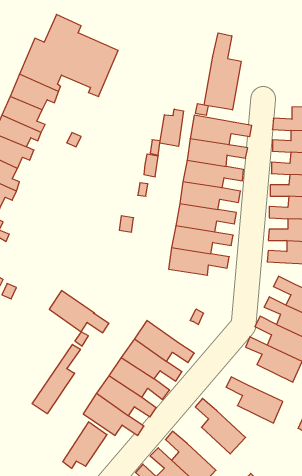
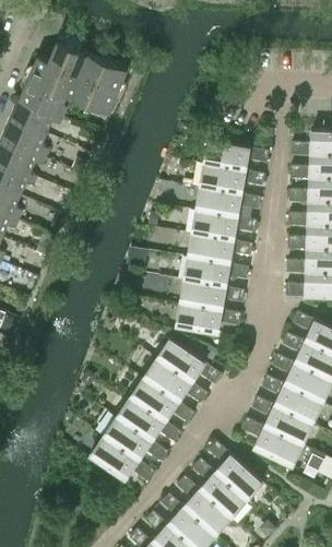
building: [204,33,241,110] -> none
building: [160,109,183,146] -> none
building: none -> [176,305,240,336]
building: [49,291,109,333] -> [157,340,221,384]
building: [32,344,80,414] -> none
building: none -> [251,397,312,445]
building: none -> [192,460,246,519]
building: [63,422,107,468] -> none

